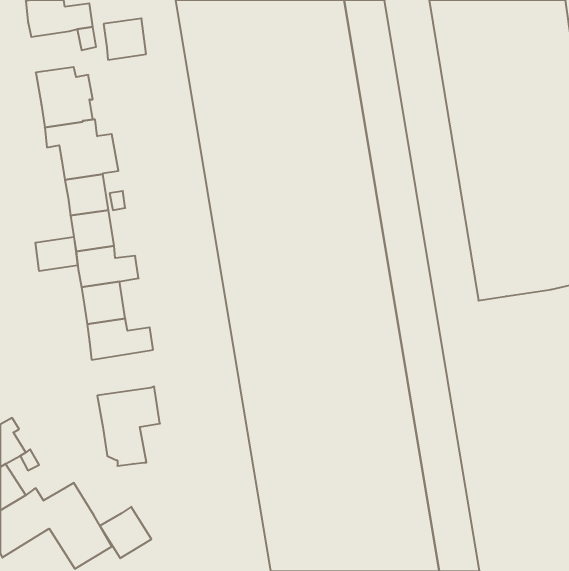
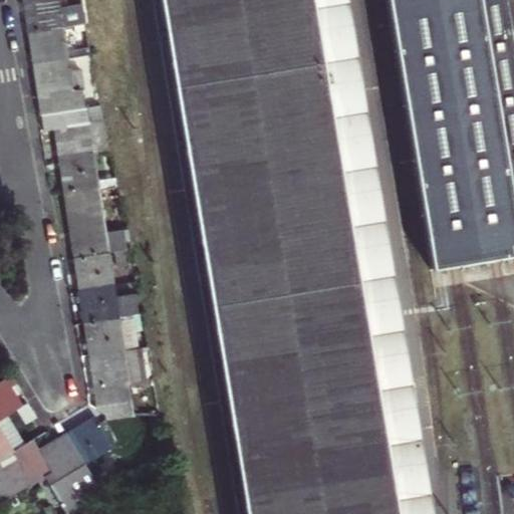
building: [104,18,146,60] -> [30,28,68,65]
building: [35,237,78,271] -> none
building: none -> [84,314,146,355]
building: [100,507,151,558] -> [68,417,114,463]

